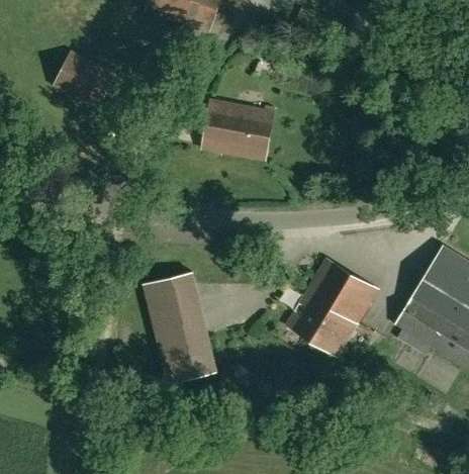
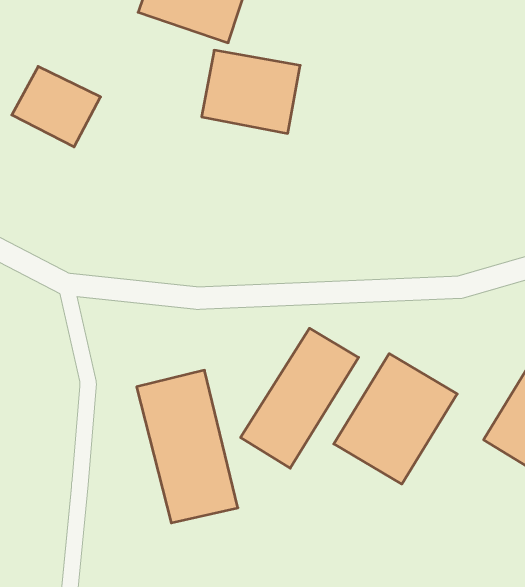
building: [202,99,274,160] -> [202,50,300,133]
building: none -> [241,328,359,468]

